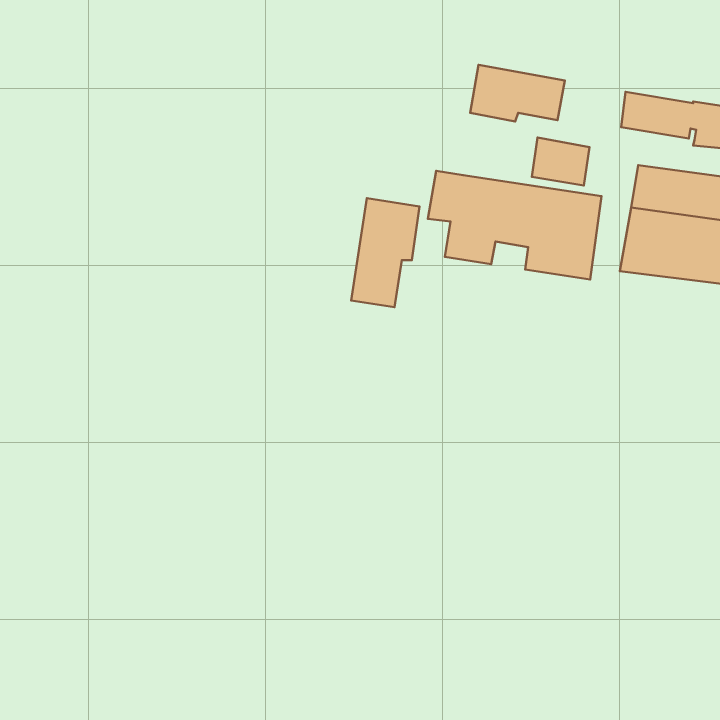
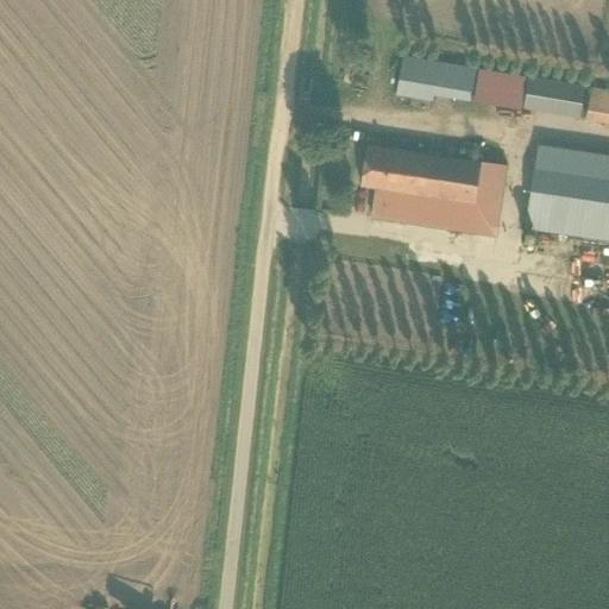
building: [532,137,590,185] -> [476,69,525,109]
building: [351,198,420,307] -> none

